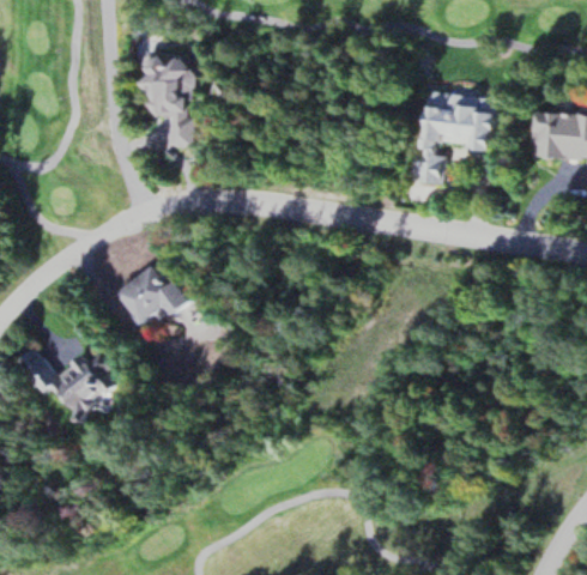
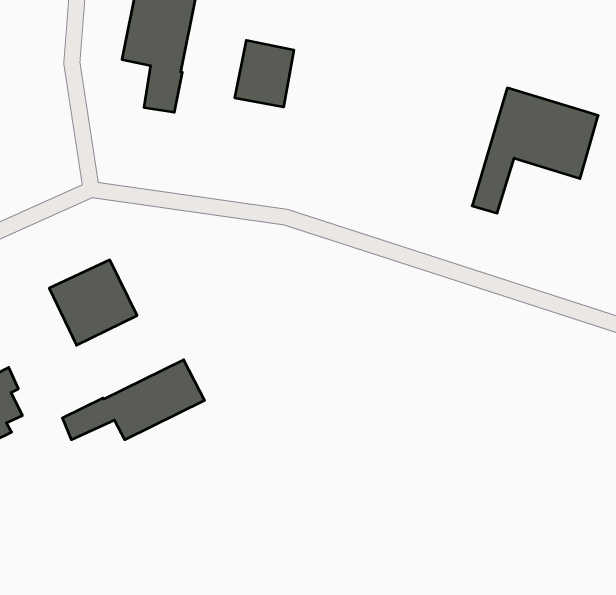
building: none -> [235,40,294,107]
building: none -> [62,360,205,440]

